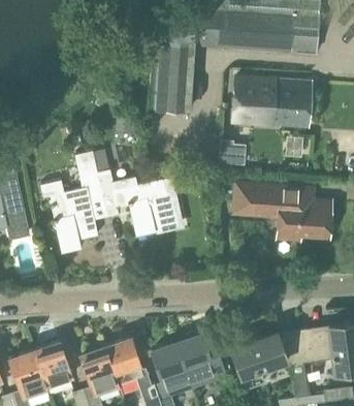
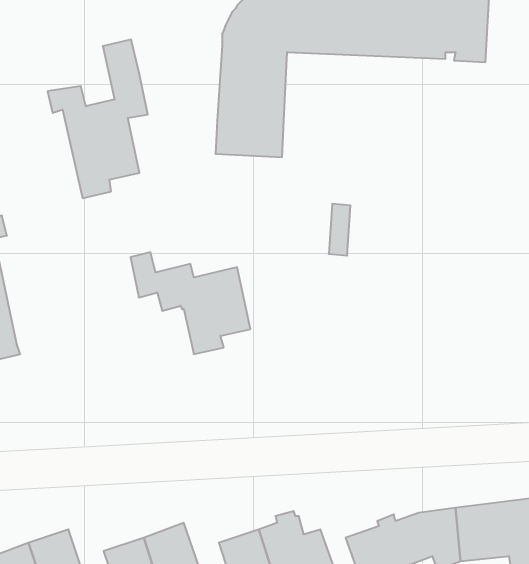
building: [234,77,311,127] -> none
building: [41,153,103,251] -> [48,39,148,198]
building: [236,184,331,239] -> none

